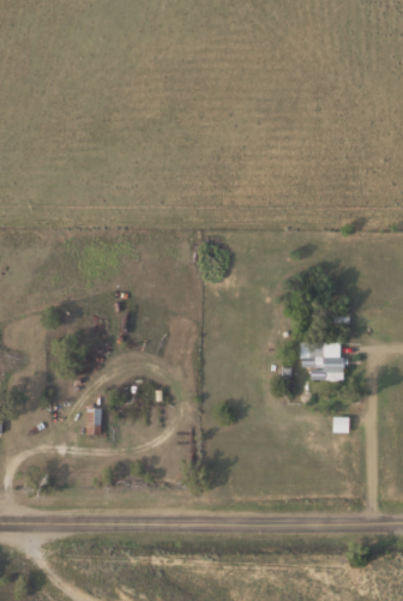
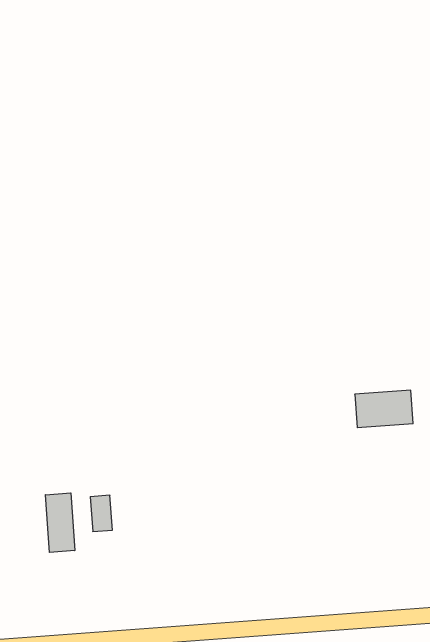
building: none -> [45,493,75,552]

